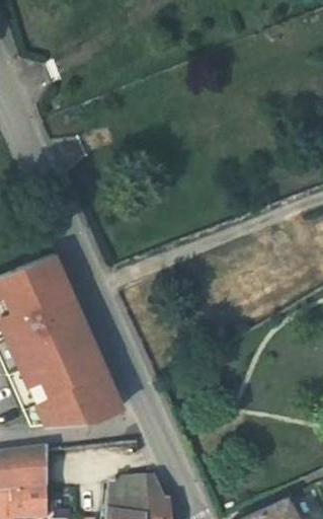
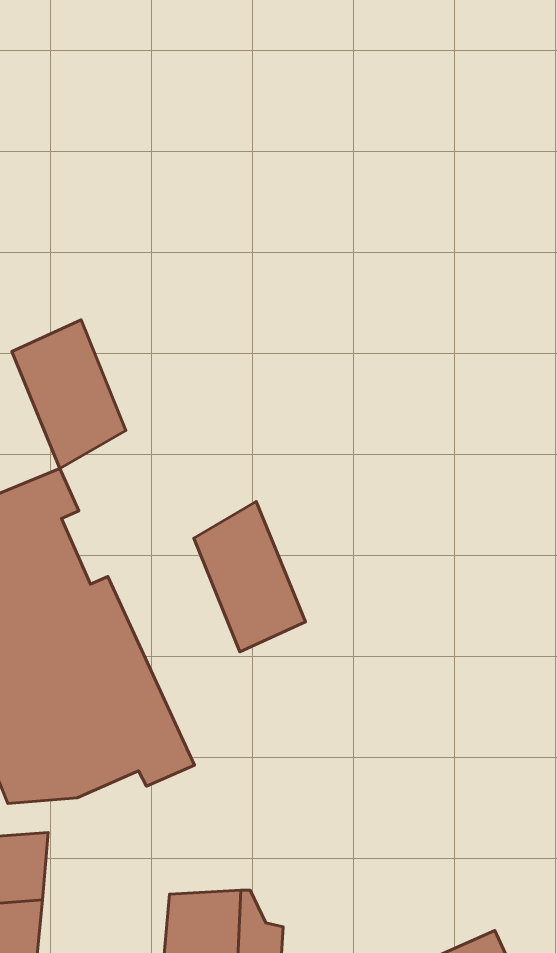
building: none -> [12,320,126,469]
building: none -> [194,501,306,652]

